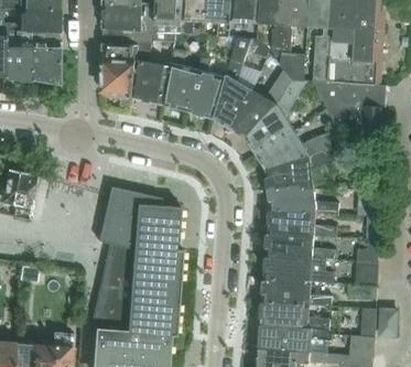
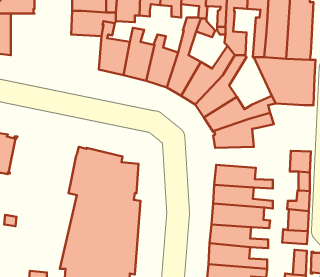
building: [31,32,58,84] -> none
building: [101,56,137,97] -> none
building: [269,187,338,213] -> none

